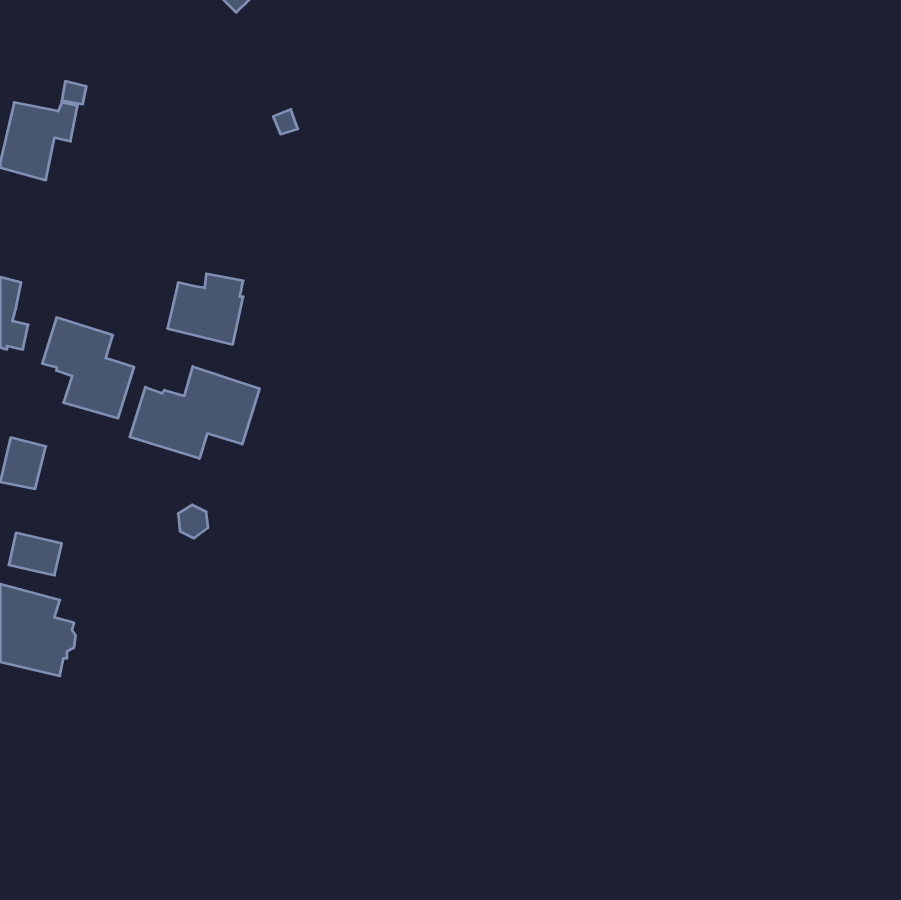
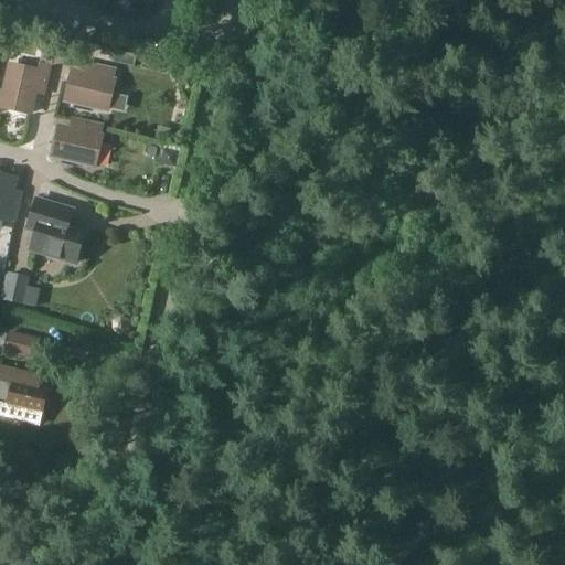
building: none -> [64,64,113,108]
building: [167,274,243,344] -> [52,120,99,164]
building: [130,366,259,459] -> none

